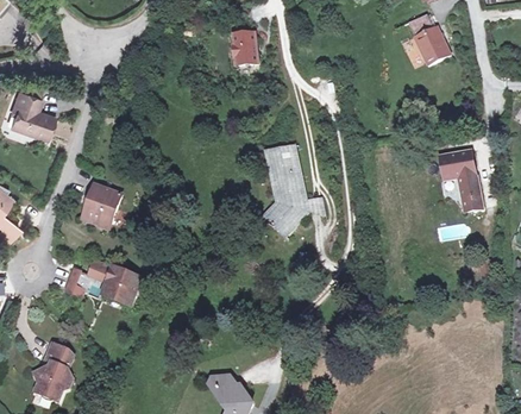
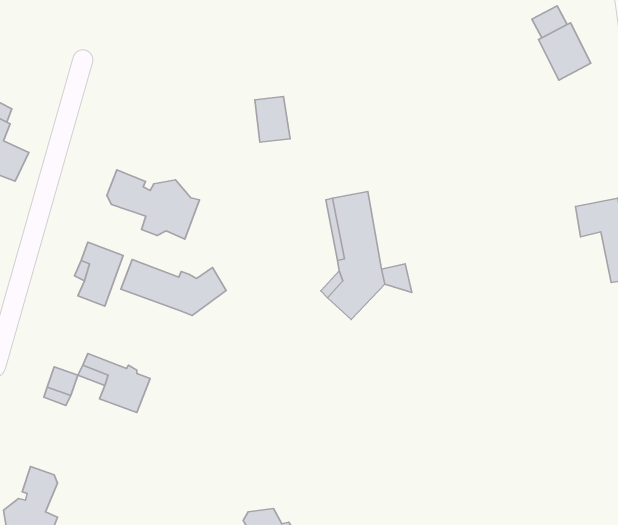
building: [231,31,256,63] -> [255,97,290,142]
building: none -> [107,170,199,239]
building: none -> [121,259,226,316]

